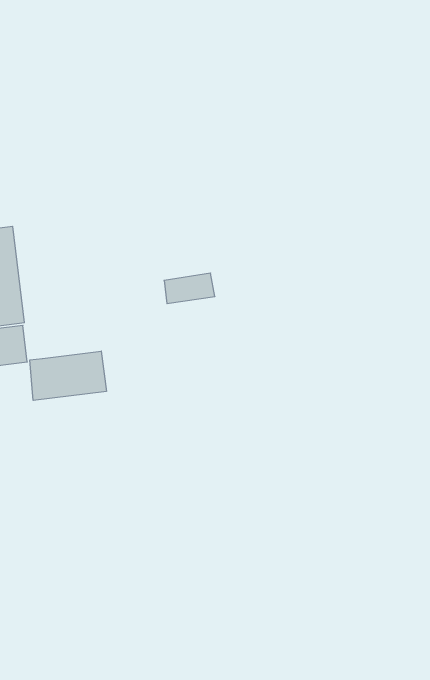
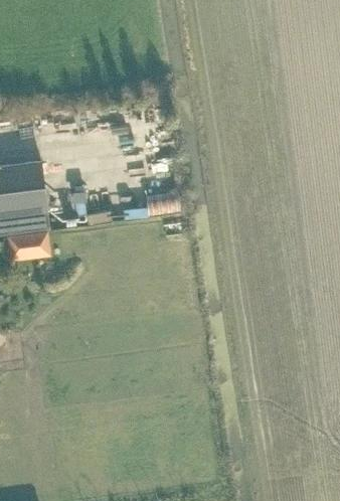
building: [30,351,106,400] -> none

